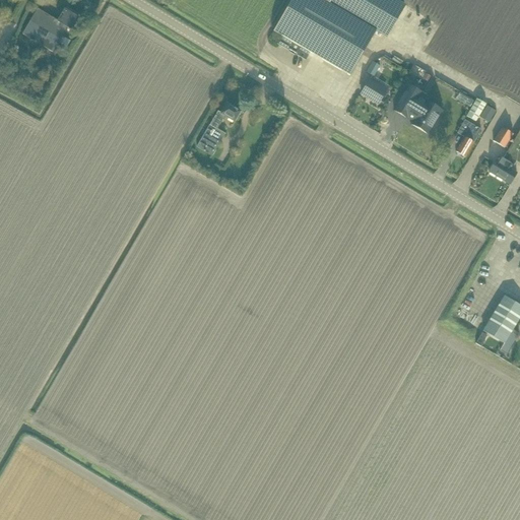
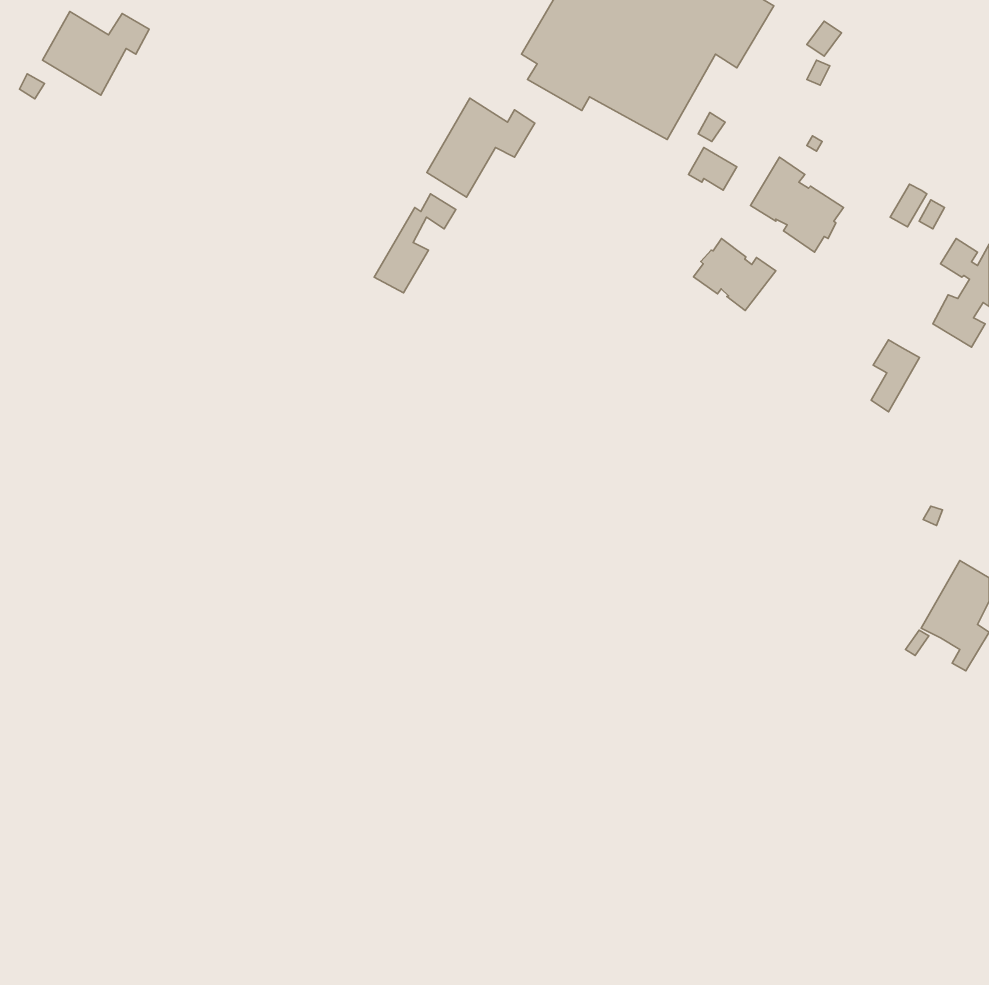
building: none -> [427,98,535,197]
building: [455,118,480,155] -> [871,340,920,412]
building: none -> [694,239,776,311]

